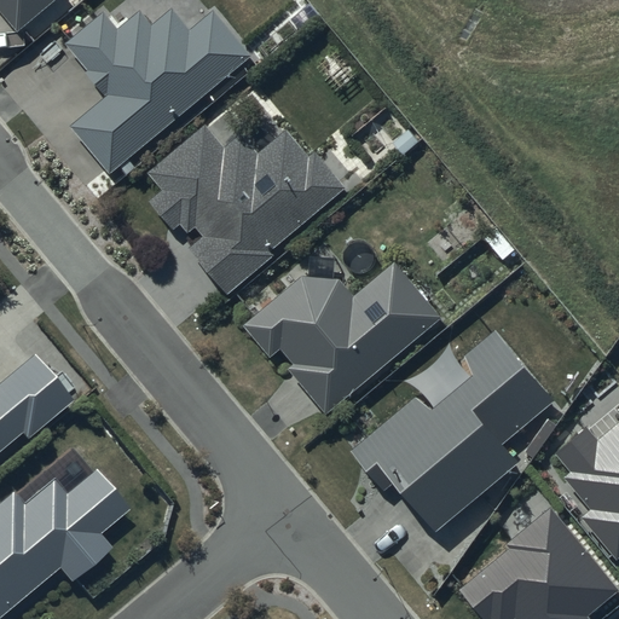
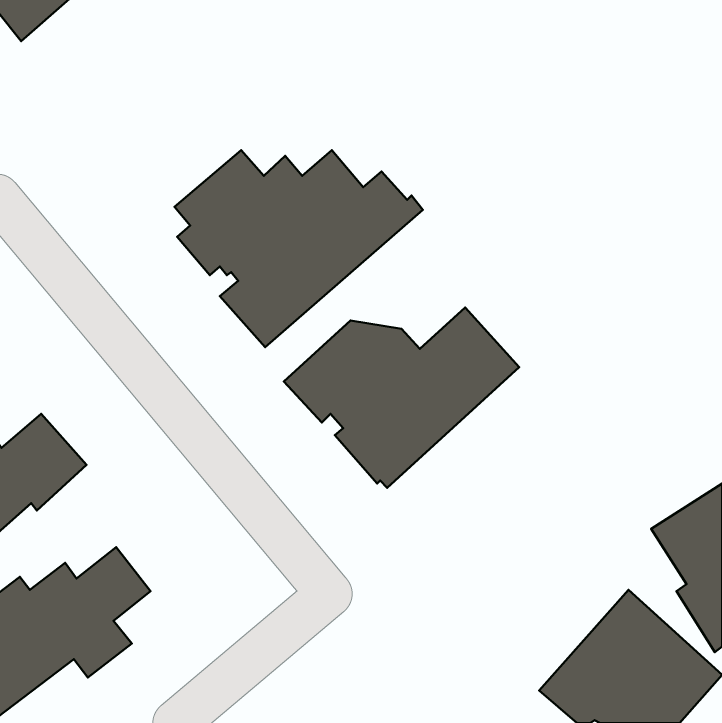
building: [64,10,251,175] -> none
building: [343,331,555,538] -> none

